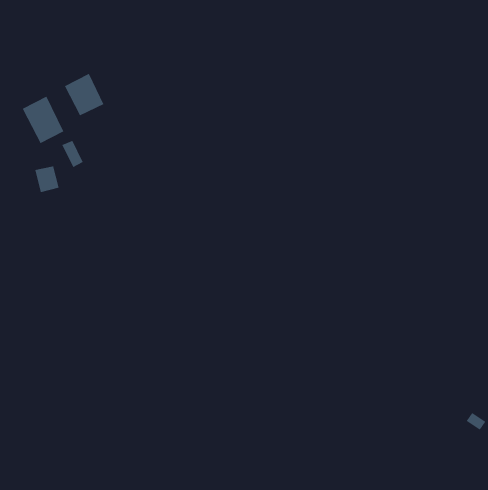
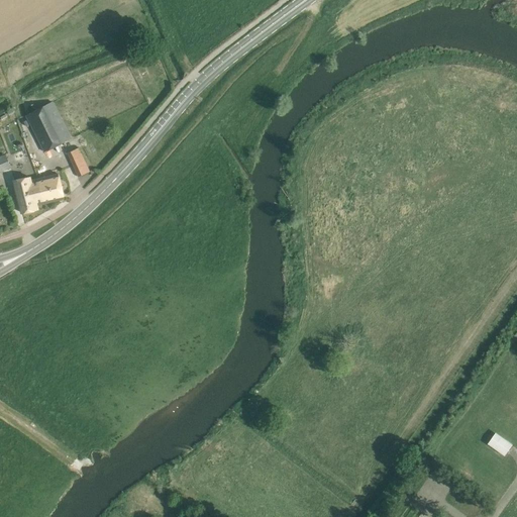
building: [64,73,104,116] -> none
building: none -> [12,177,42,213]

